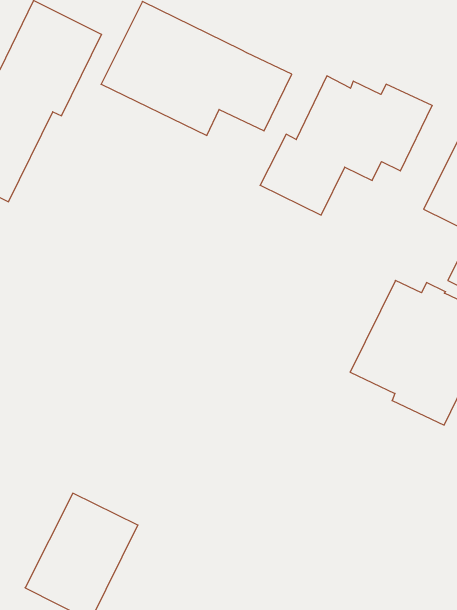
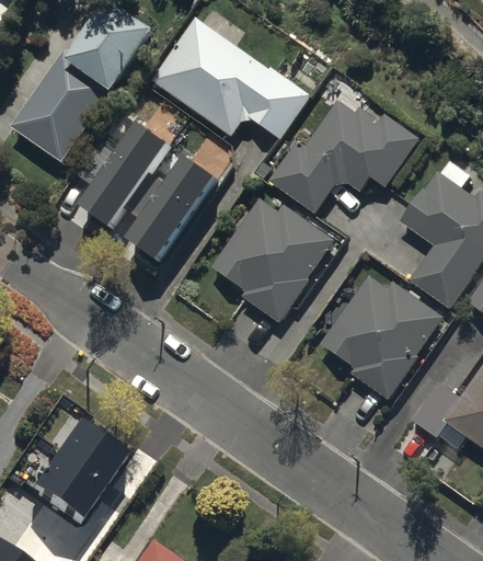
building: none -> [72,115,216,257]
building: none -> [212,201,335,322]

